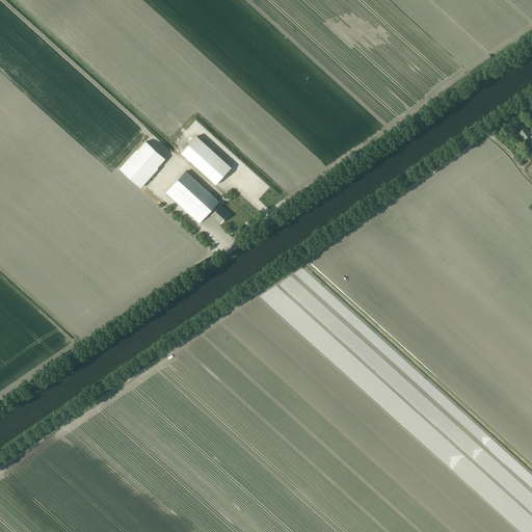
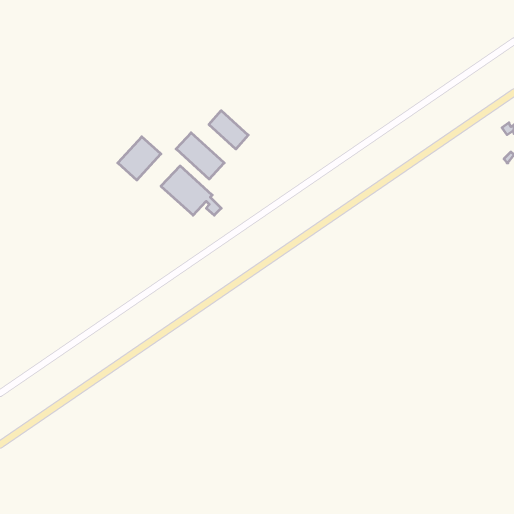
building: none -> [209,111,248,149]

